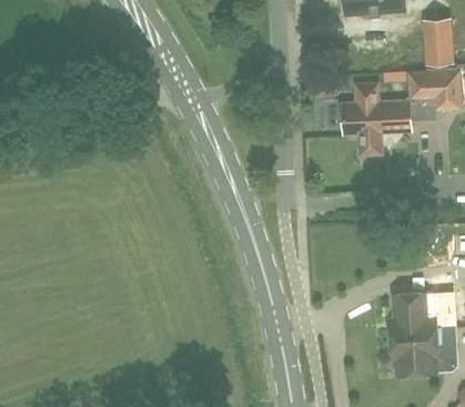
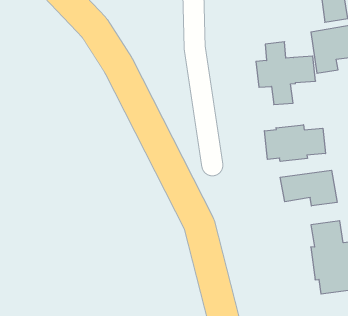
building: none -> [264,125,325,161]
building: none -> [280,170,337,206]

